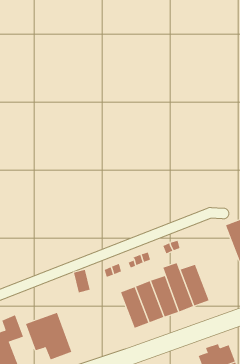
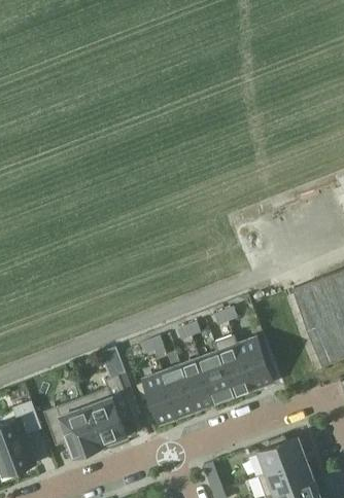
building: none -> [83,372,141,444]
building: none -> [142,372,179,425]

